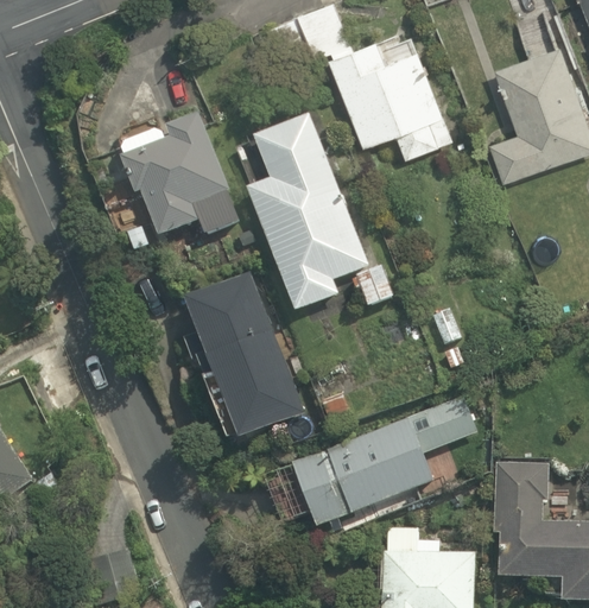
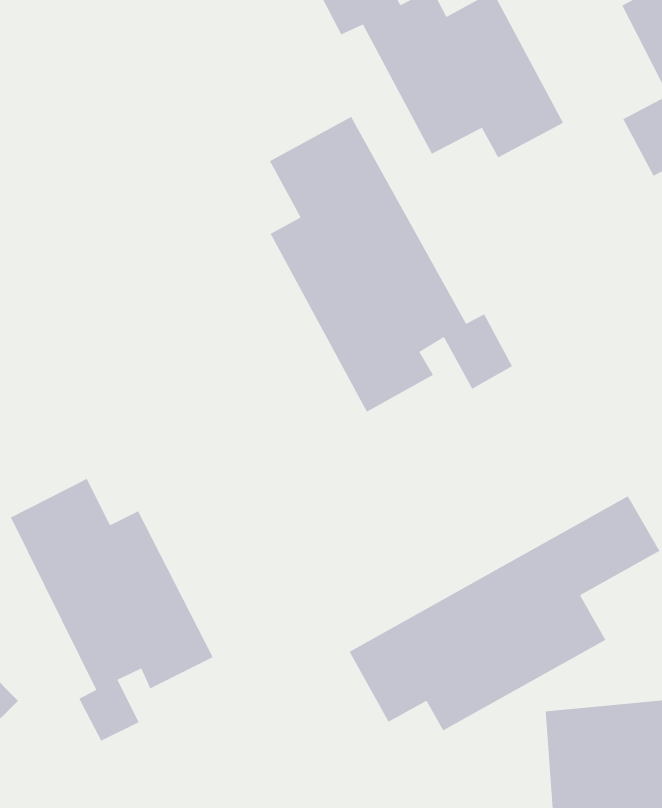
building: [122,125,249,242] -> none
building: [175,268,302,439] -> none
building: none -> [10,478,214,742]

